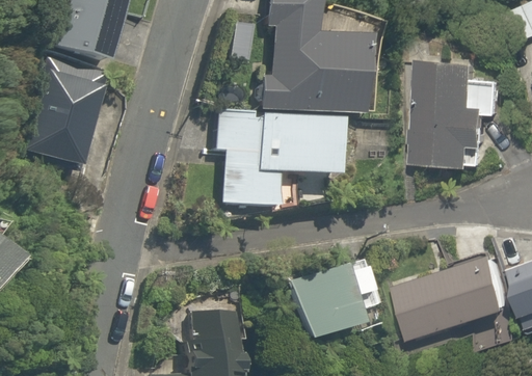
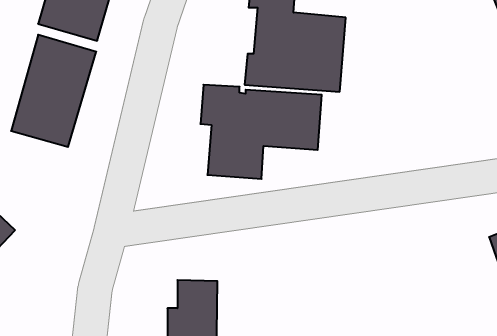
building: [419,57,498,164] -> none
building: [401,250,520,337] -> none
building: [289,258,382,340] -> none

